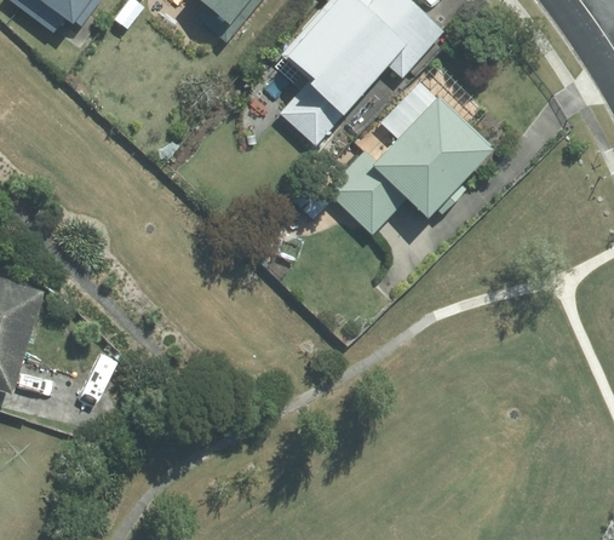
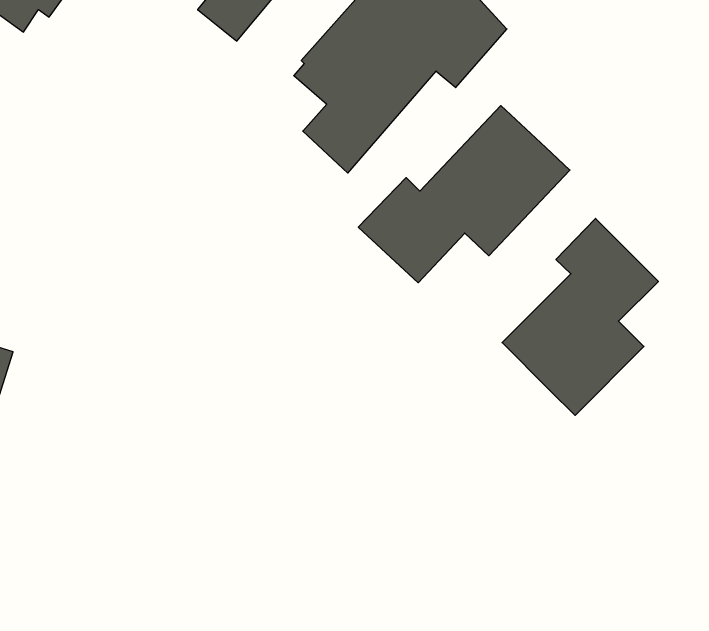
building: none -> [502,218,658,415]

